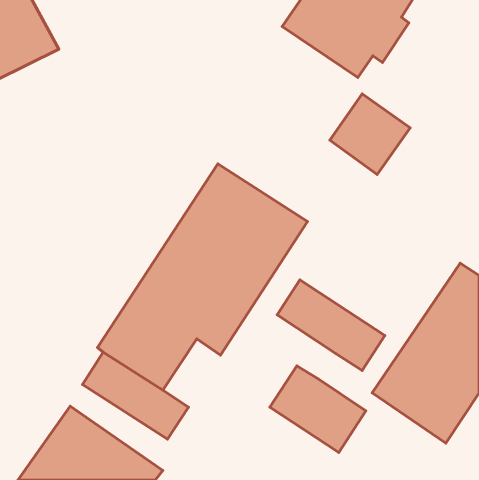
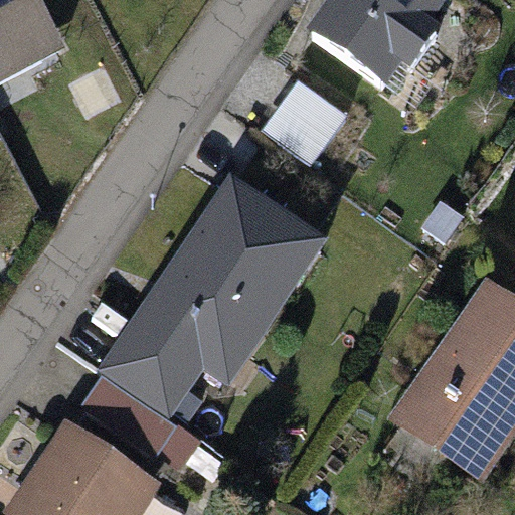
building: [330,94,410,174] -> [259,79,344,165]
building: [277,280,385,370] -> none
building: [270,366,366,453] -> none

